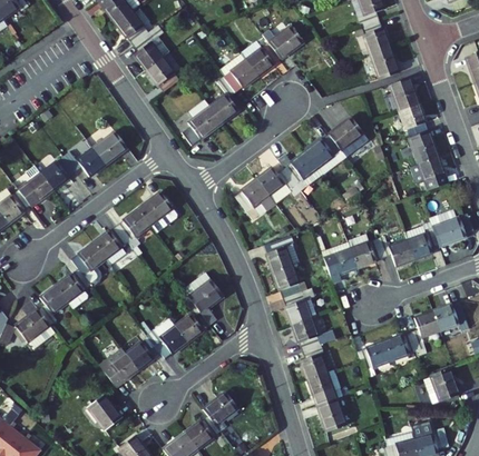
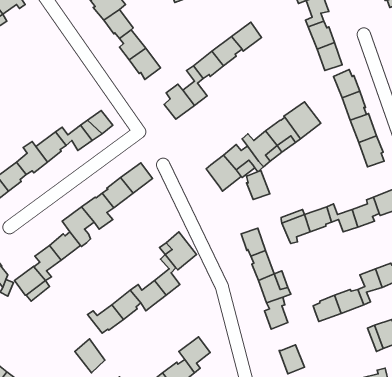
building: [270,236,296,269] -> [246,170,270,200]
building: [312,367,345,403] -> none

